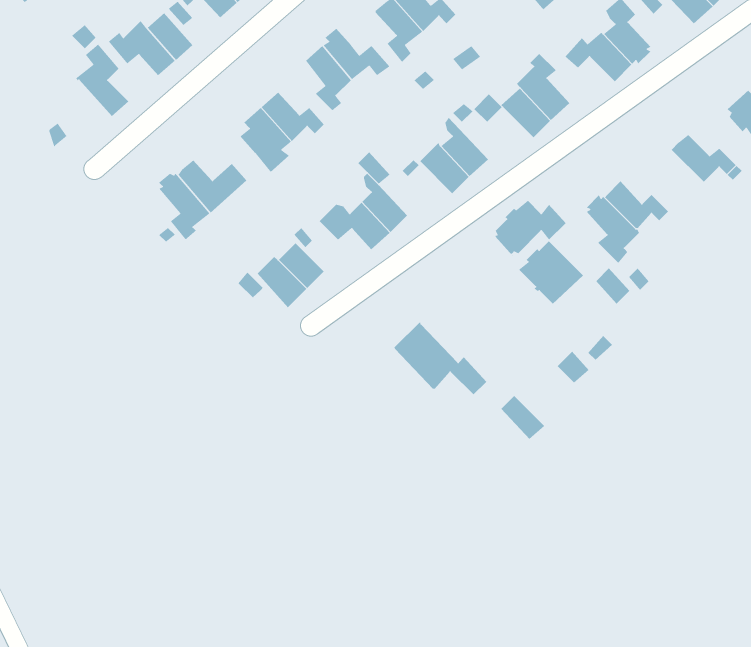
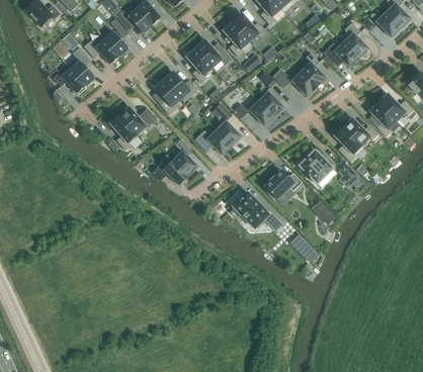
building: none -> [53,66,86,94]
building: none -> [370,102,396,136]
building: [495,200,566,256] -> [264,170,302,199]

